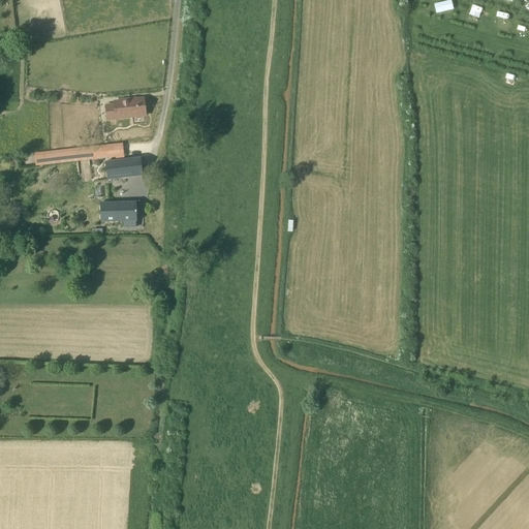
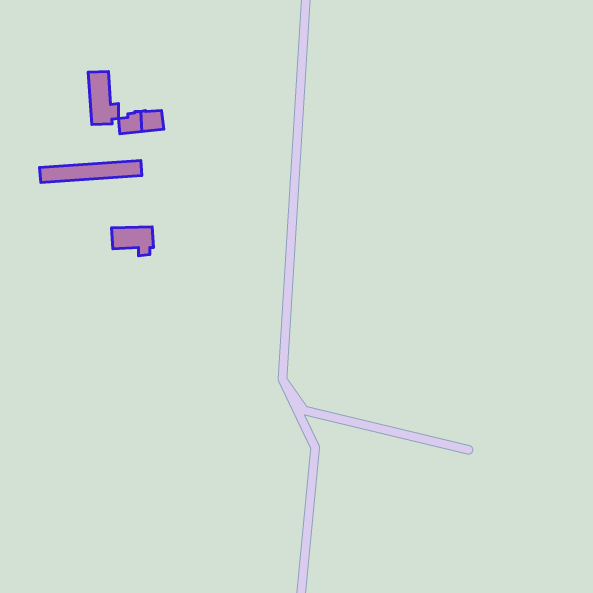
building: none -> [88,72,119,124]
building: [105,157,144,179] -> none

